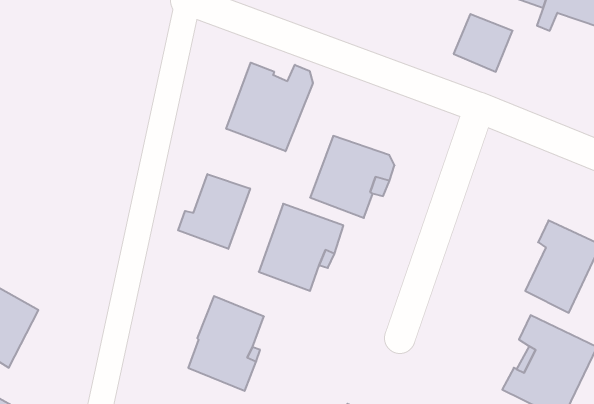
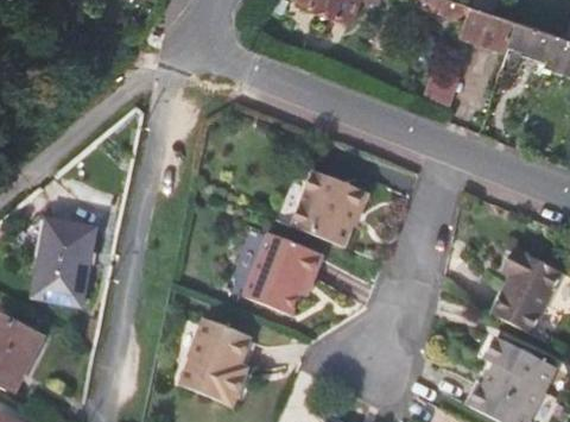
building: [226,63,313,151] -> none
building: [178,174,250,249] -> none
building: none -> [17,209,93,301]

